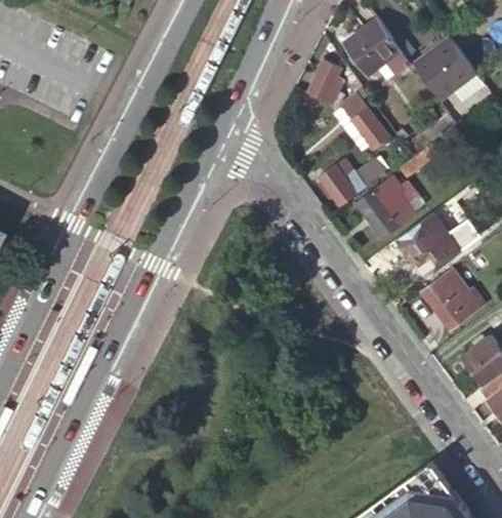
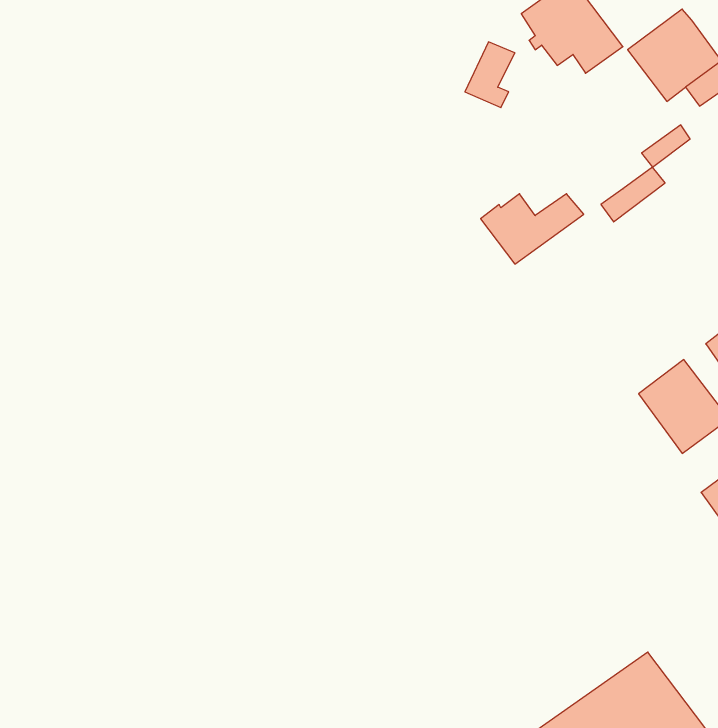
building: [339,92,393,149] -> none
building: [355,172,424,238] -> none
building: [398,211,467,276] -> none

